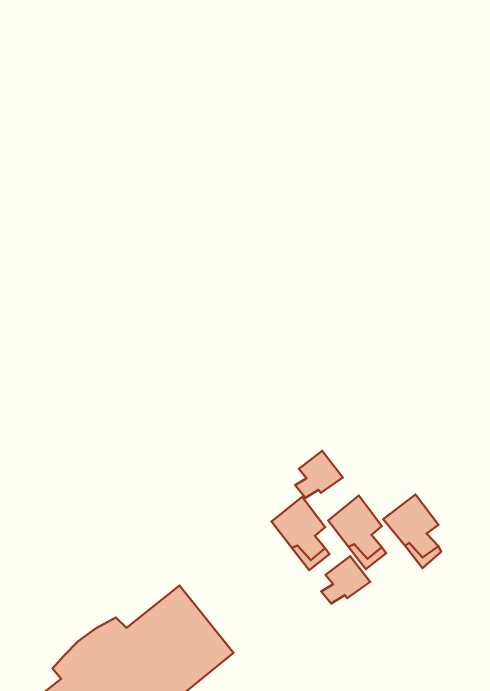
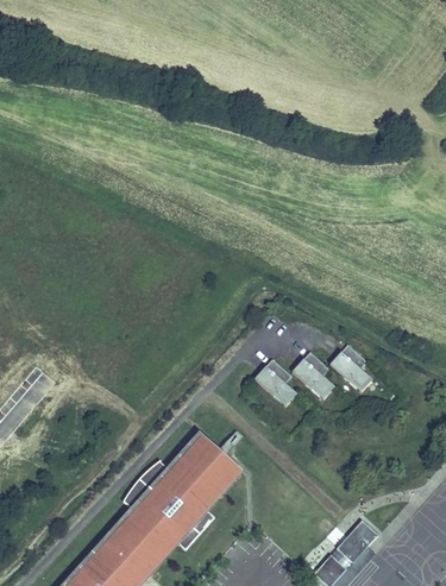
building: [295,451,343,498] -> none
building: [321,556,370,604] -> none

